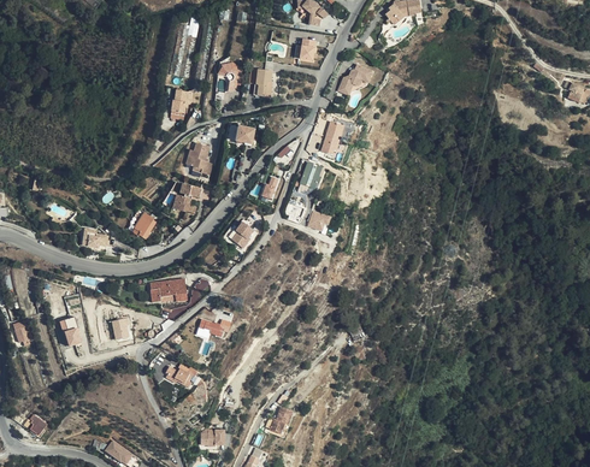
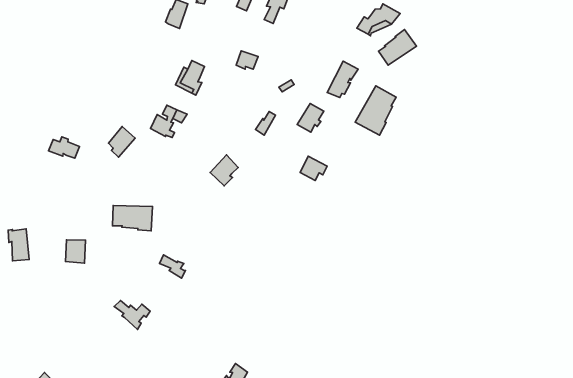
building: none -> [379,29,416,65]
building: none -> [355,86,396,135]

